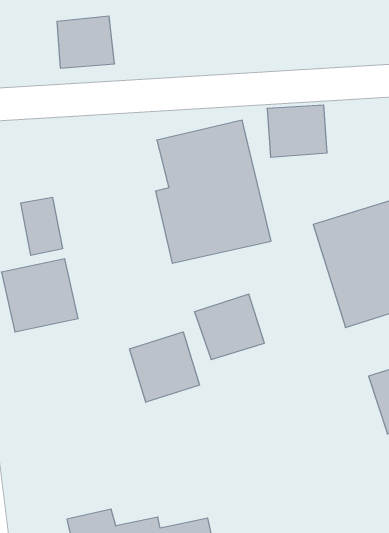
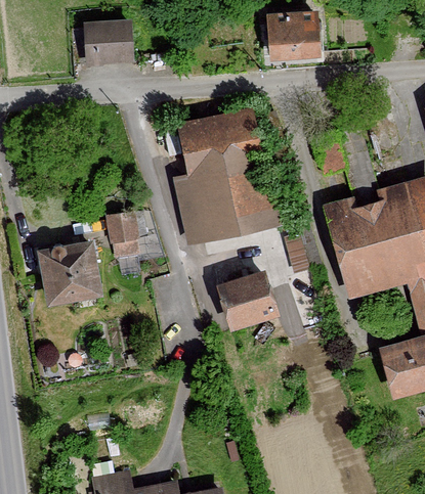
building: [267,105,327,157] -> [266,11,322,59]
building: [21,198,63,255] -> [107,208,145,261]
building: [130,332,199,402] -> none

